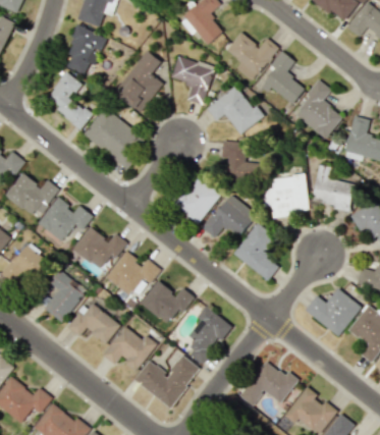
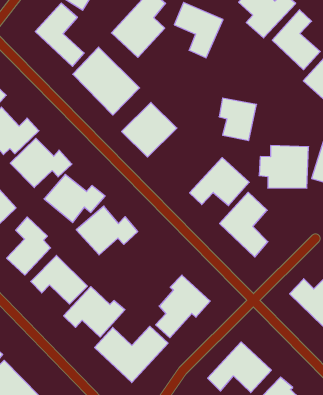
building: [206,85,263,134] -> none
building: [171,174,221,224] -> [122,102,177,157]
building: [140,279,194,323] -> none

